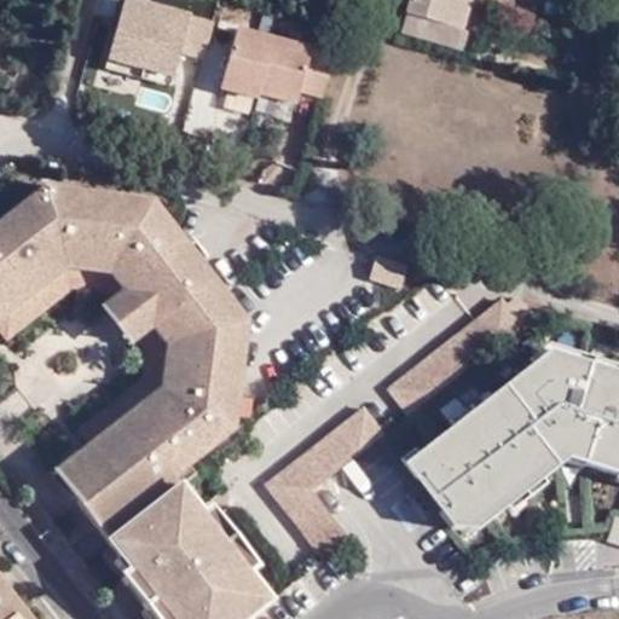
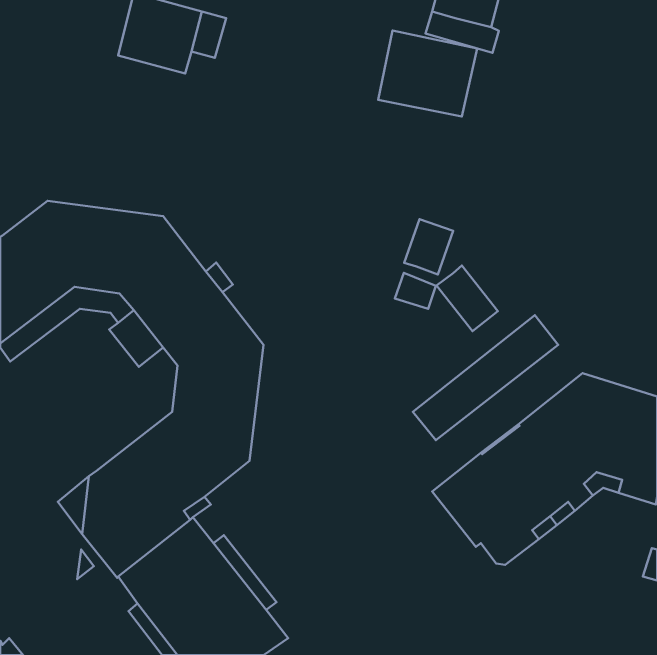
building: [220,21,313,102] -> [378,30,477,117]
building: none -> [404,219,453,274]
building: none -> [436,266,498,331]
building: [79,326,167,442] -> none
building: [265,404,386,557] -> none

